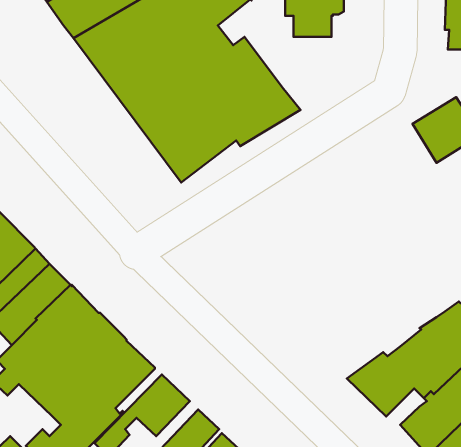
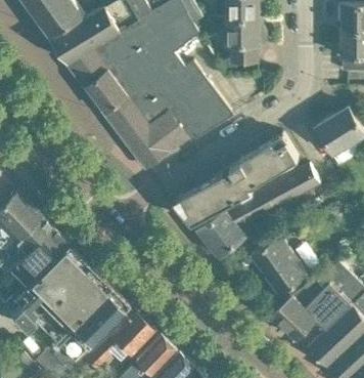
building: none -> [177,133,298,223]
building: none -> [197,165,320,257]
building: none -> [252,235,308,295]

